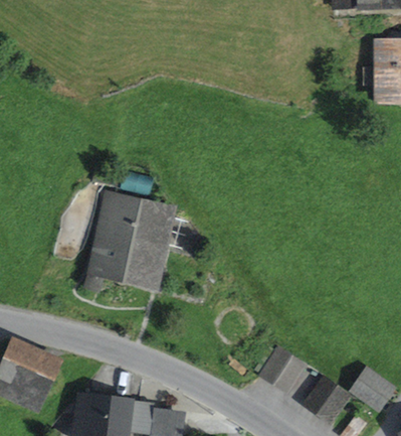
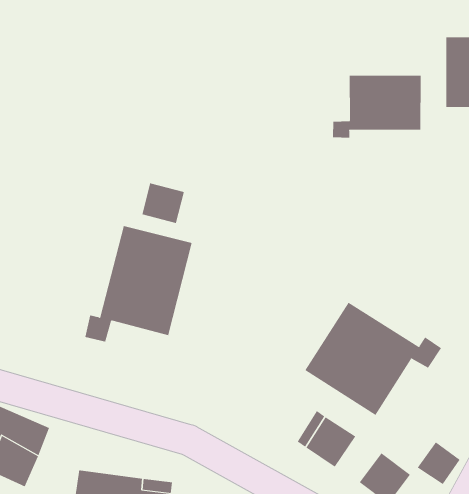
building: none -> [333,75,421,138]
building: none -> [142,183,184,224]
building: none -> [305,302,442,416]

